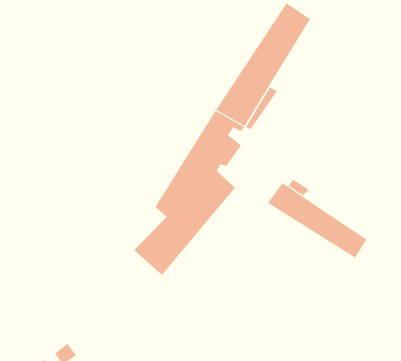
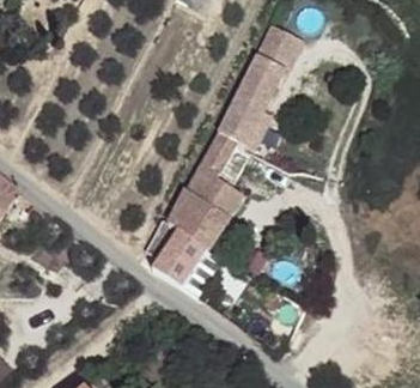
building: [267,182,367,258] -> none

